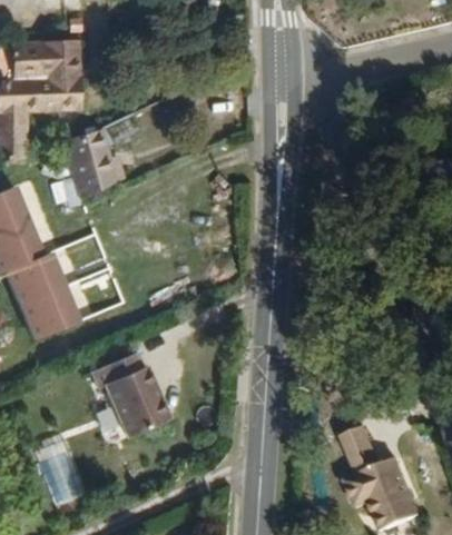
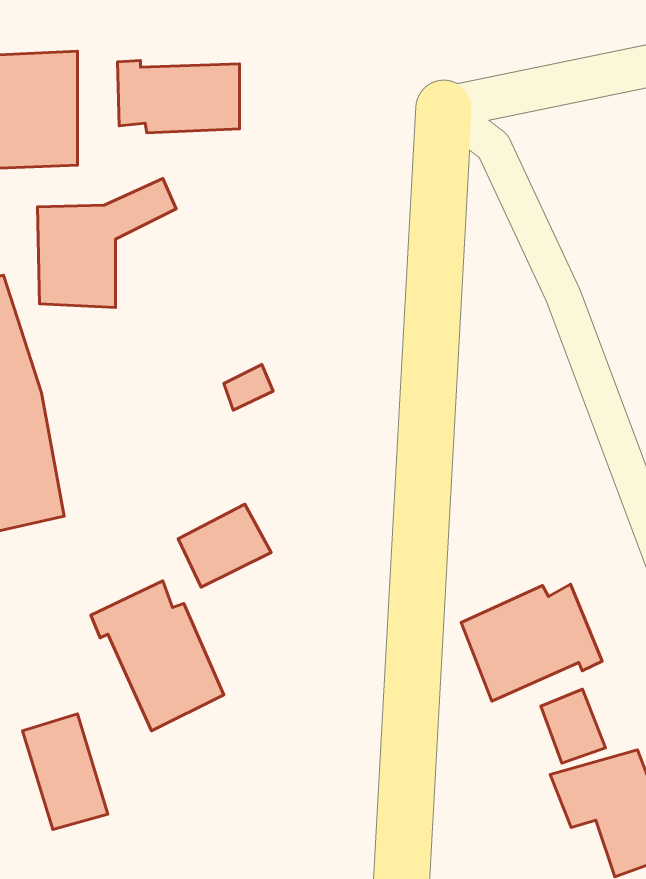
building: none -> [118,60,239,133]
building: none -> [178,504,271,587]
building: none -> [461,584,602,701]

